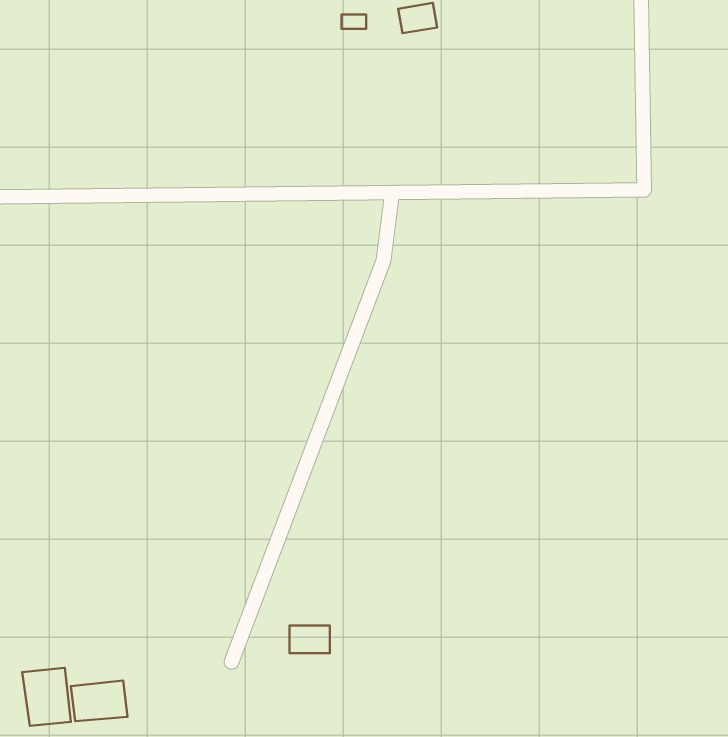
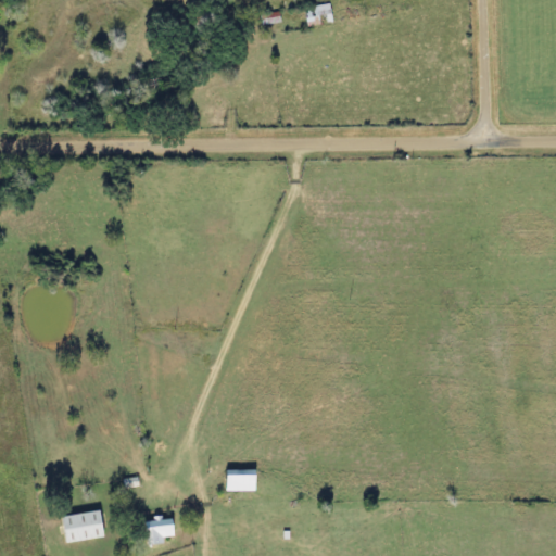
building: [22,668,71,726] -> none
building: none -> [146,518,177,544]

